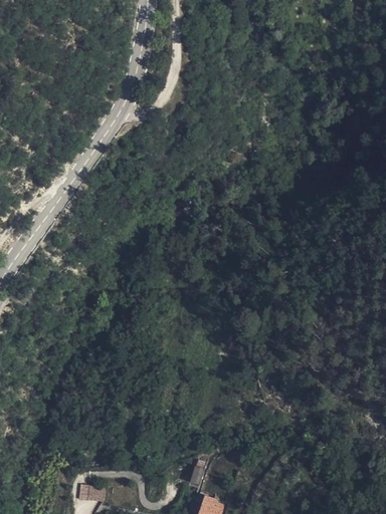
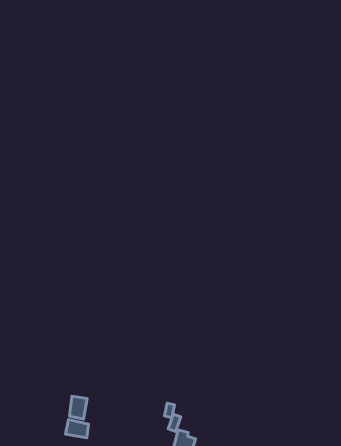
building: none -> [69,396,87,419]

